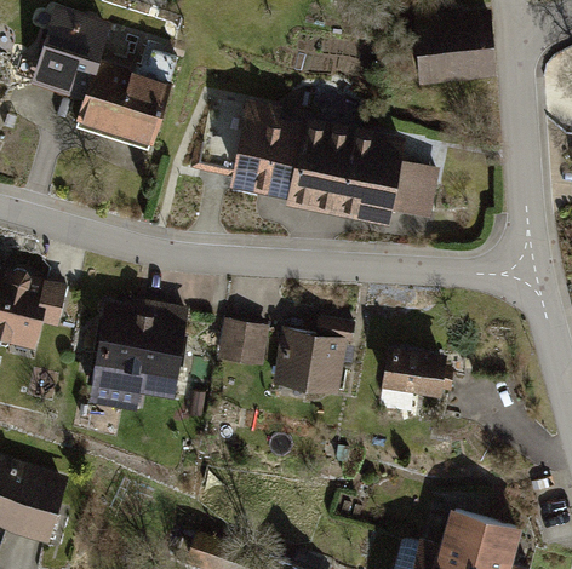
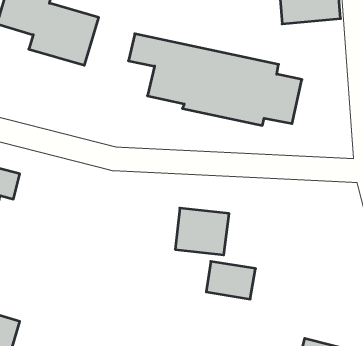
building: [90,308,187,401] -> none
building: [217,324,267,368] -> none
building: [382,347,448,398] -> [206,261,256,299]

